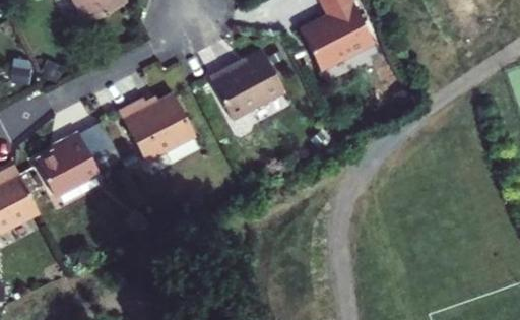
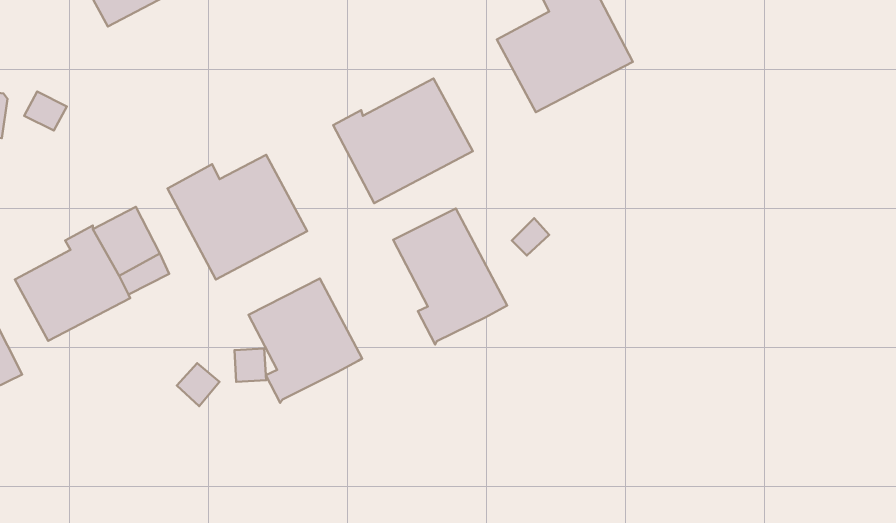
building: none -> [393,208,507,344]
building: none -> [249,279,362,403]

